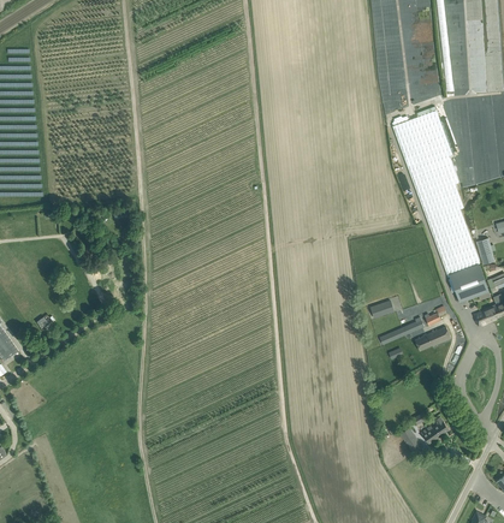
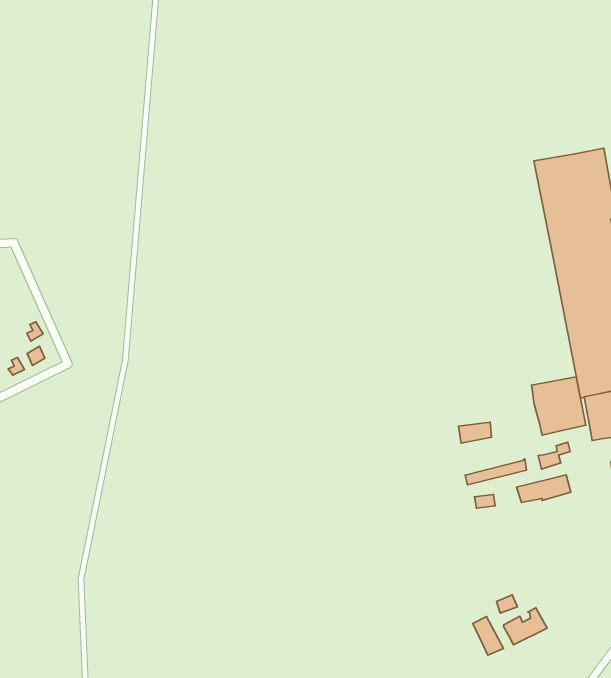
building: none -> [532,377,586,435]

